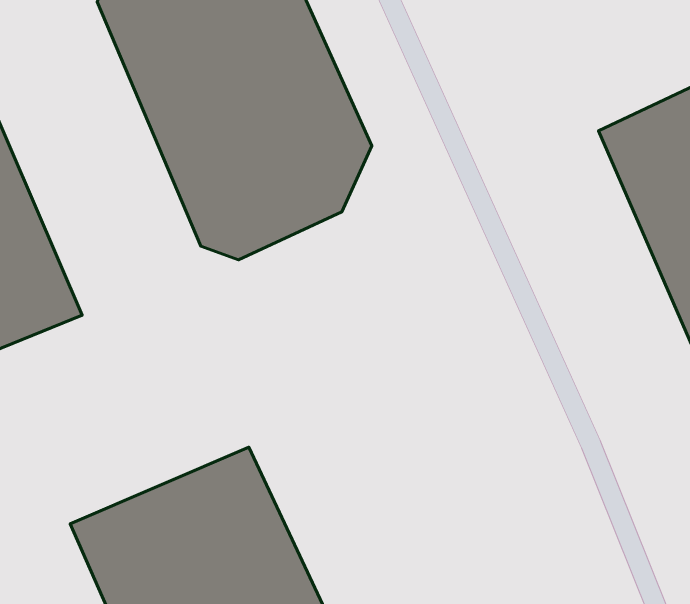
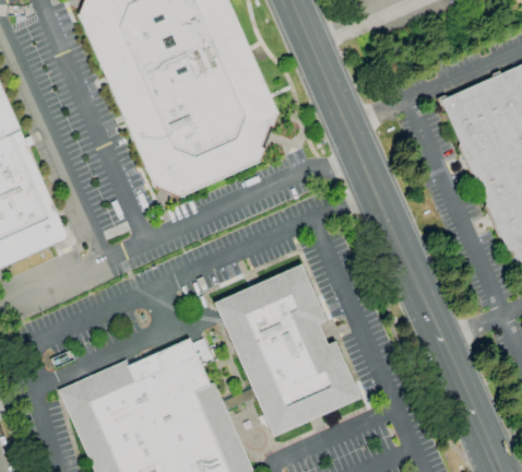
building: none -> [209,264,355,437]

